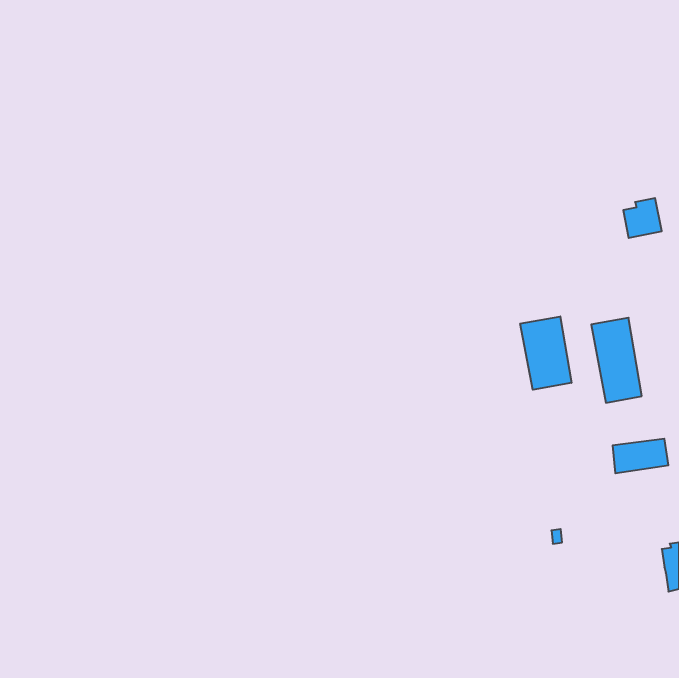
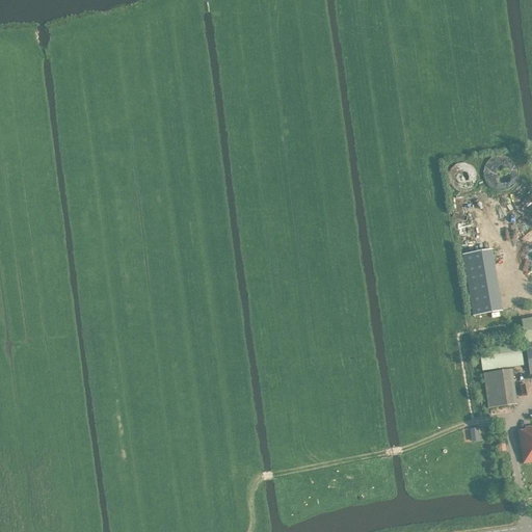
building: [520,316,571,390] -> none
building: none -> [486,368,514,397]

